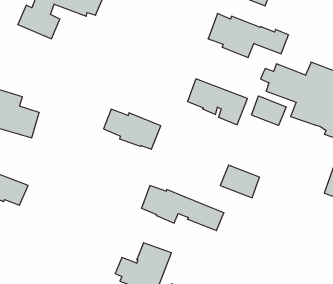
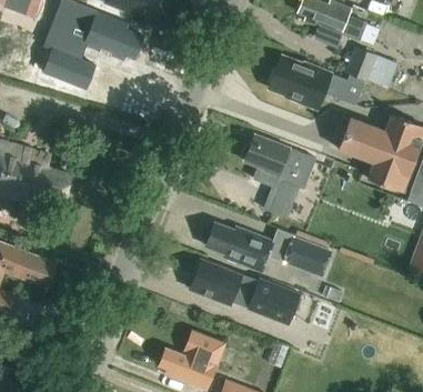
building: none -> [345,47,397,88]
building: [251,96,286,125] -> none
building: [104,109,161,149] -> [205,222,273,270]
building: none -> [263,184,296,218]

